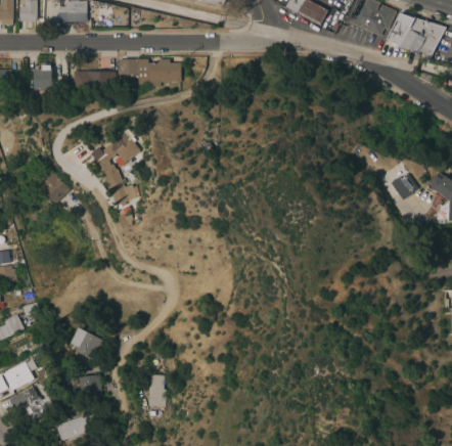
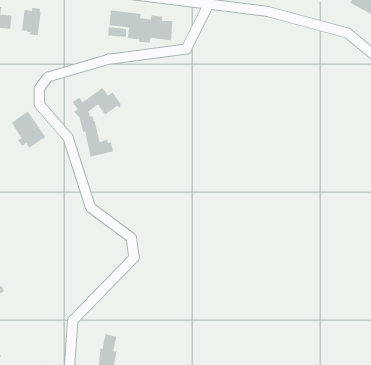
building: [67,72,116,97] -> none
building: [71,327,103,360] -> none
building: [77,374,102,398] -> none

